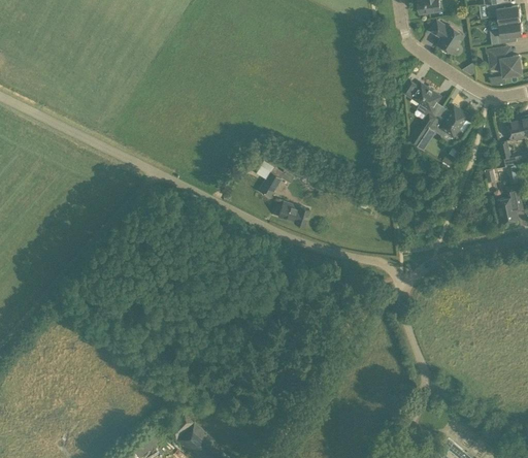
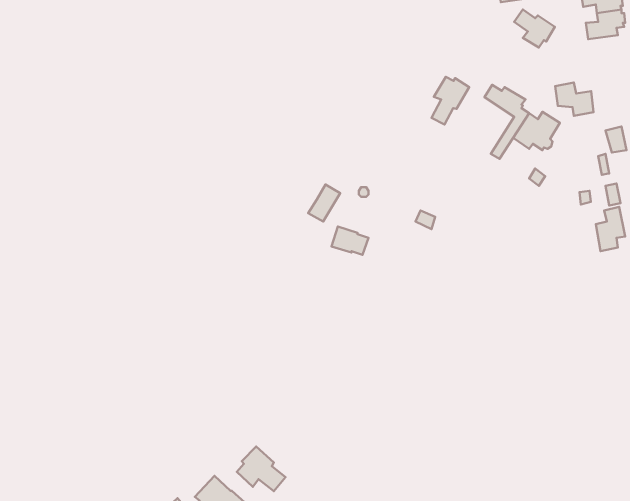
building: [489,48,521,76] -> [555,82,594,116]
building: none -> [431,77,469,124]
building: none -> [237,447,285,491]

